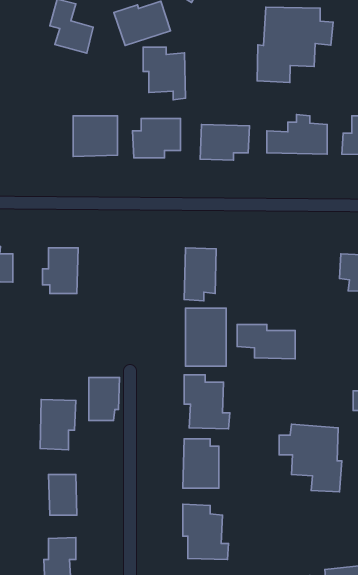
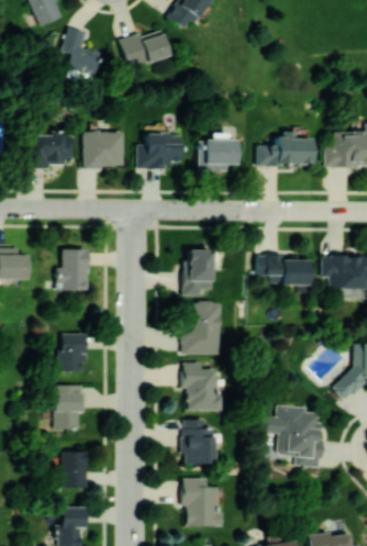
building: [257,7,333,83] -> none
building: [143,47,186,100] -> none
building: none -> [32,134,74,168]
building: [237,324,295,359] -> [257,255,309,286]
building: [89,377,120,420] -> [60,334,88,372]

